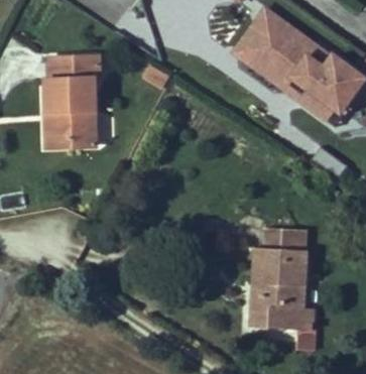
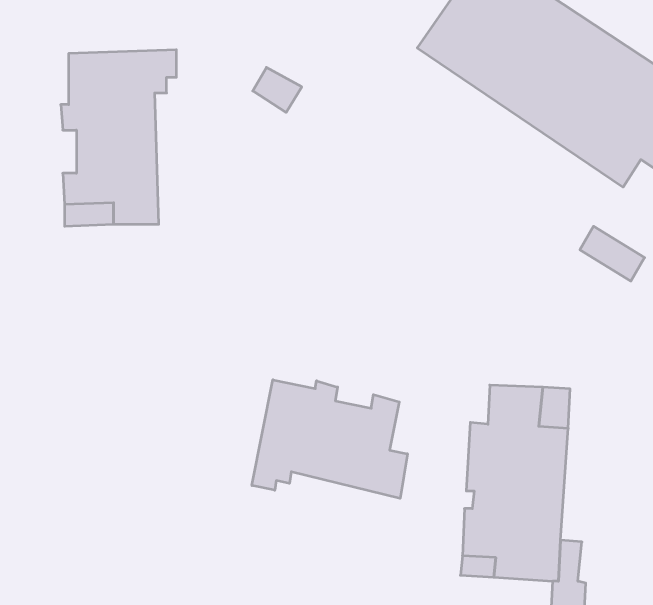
building: none -> [252,380,407,498]

